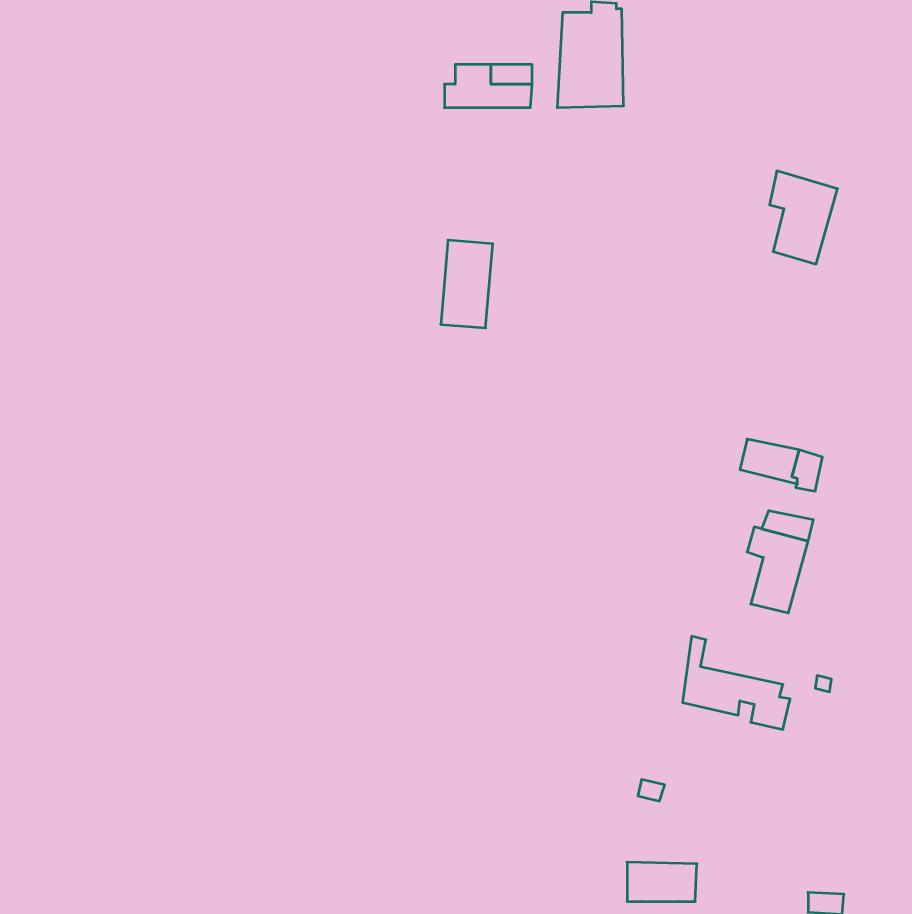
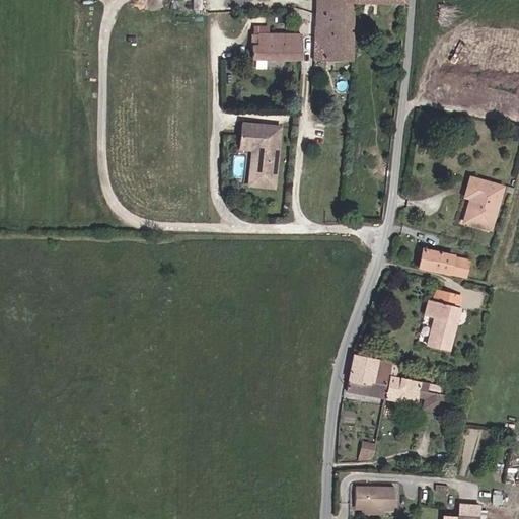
building: [770,171,838,264] -> [462,176,501,229]
building: none -> [240,122,280,148]
building: none -> [349,352,391,397]

